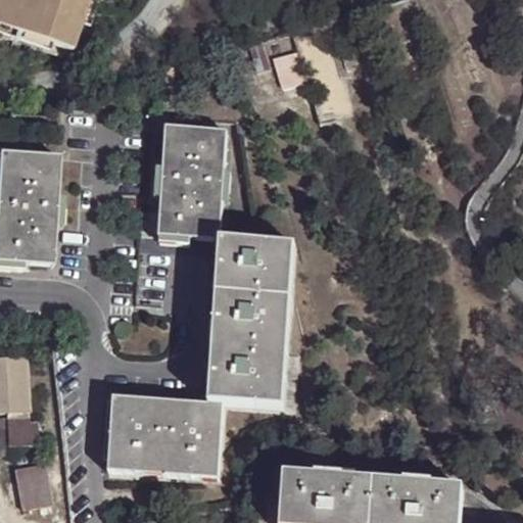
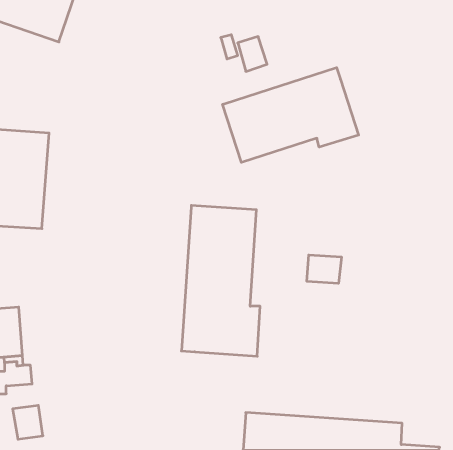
building: none -> [223,68,359,162]
building: [158,124,225,237] -> none
building: none -> [307,255,341,283]
building: [106,394,223,476] -> none

